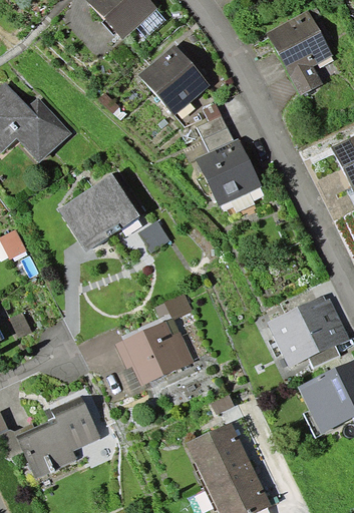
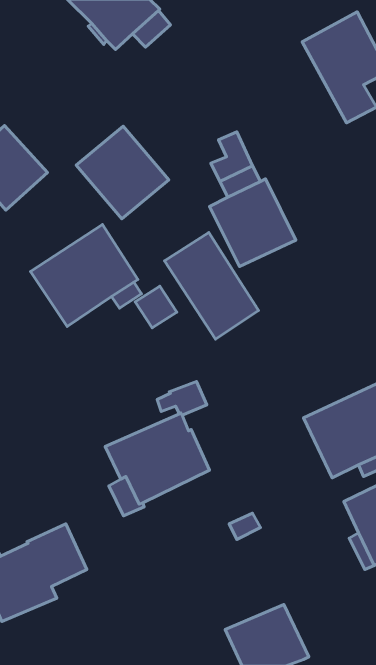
building: [138,44,210,115] -> [76,126,169,219]
building: none -> [164,233,259,339]
building: [188,422,252,484] -> none

